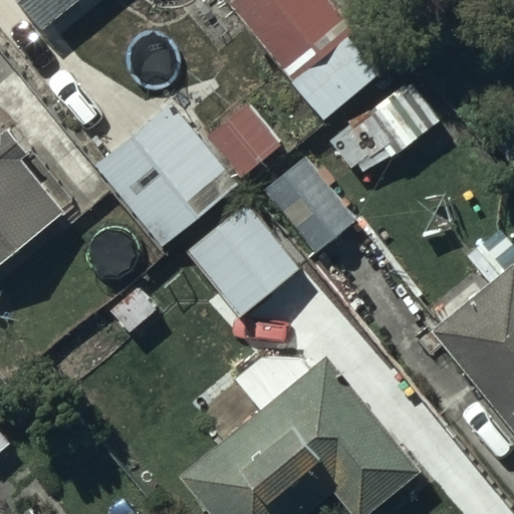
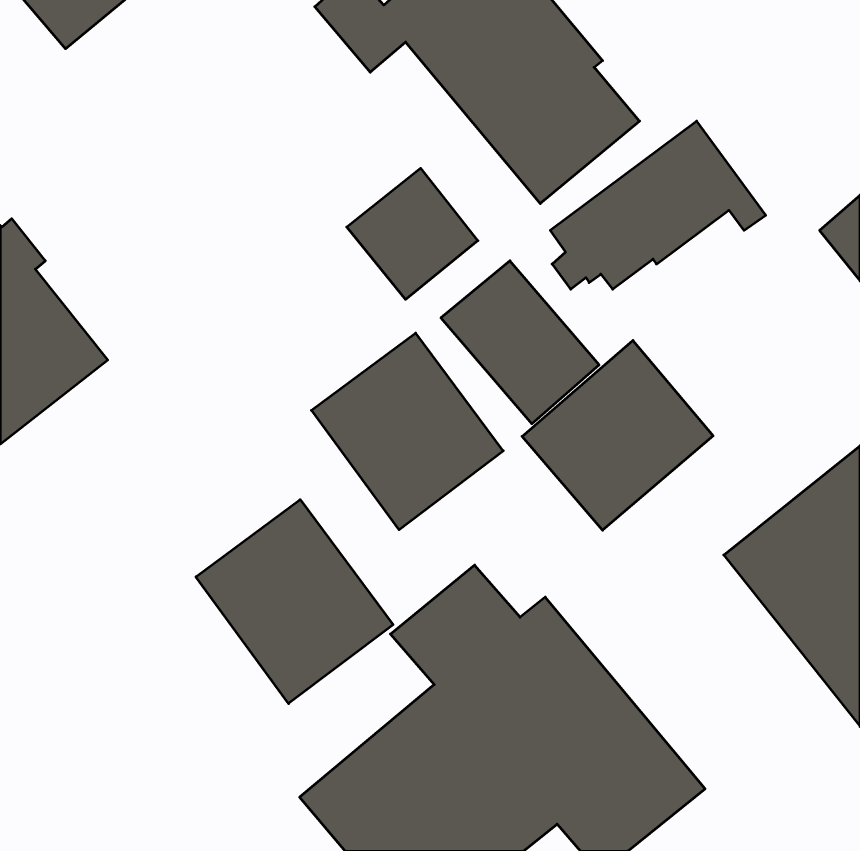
building: [96,102,239,246] -> none
building: none -> [522,340,713,530]
building: none -> [196,500,393,704]

